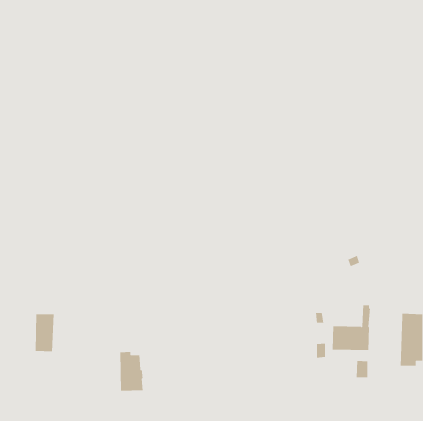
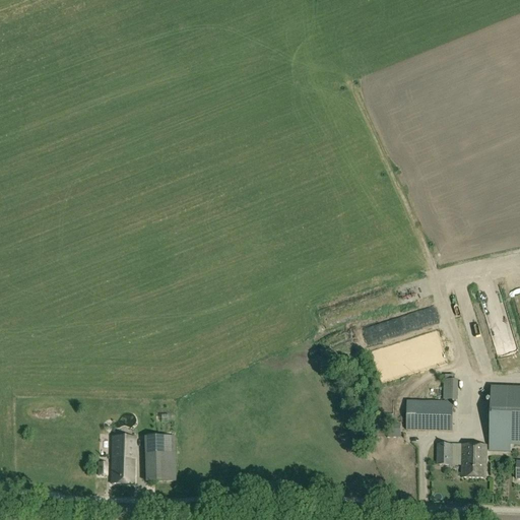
building: [35,314,55,352] -> [111,436,135,482]
building: none -> [461,443,485,475]

